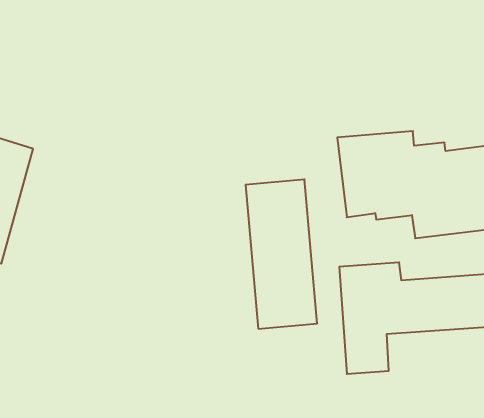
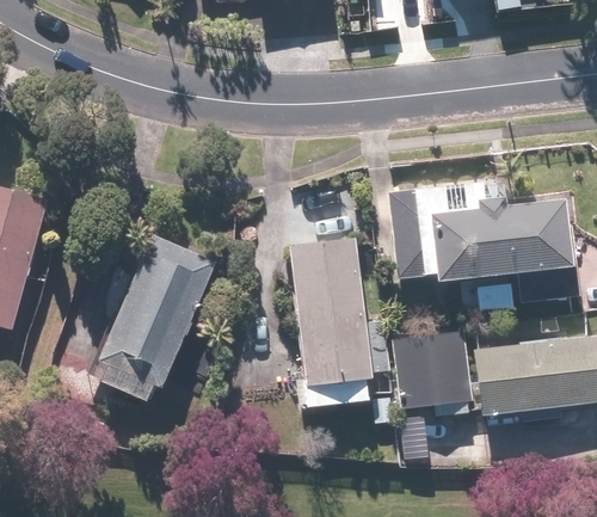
building: none -> [61,229,215,399]

